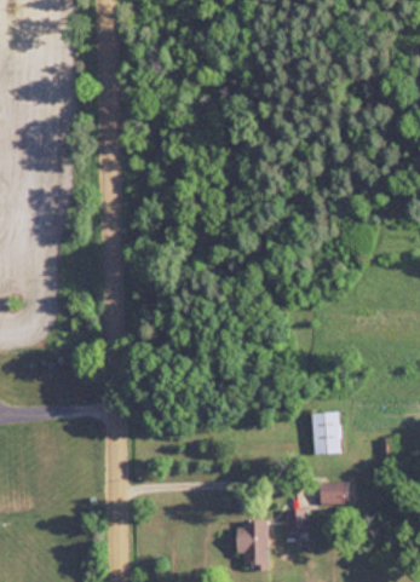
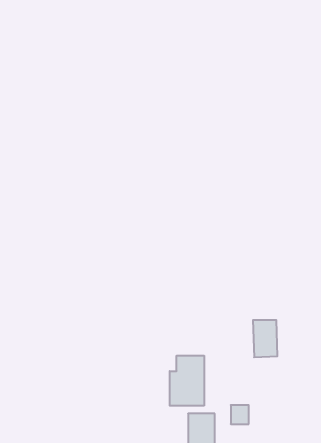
building: none -> [170,356,204,406]
building: [321,483,346,503] -> none

